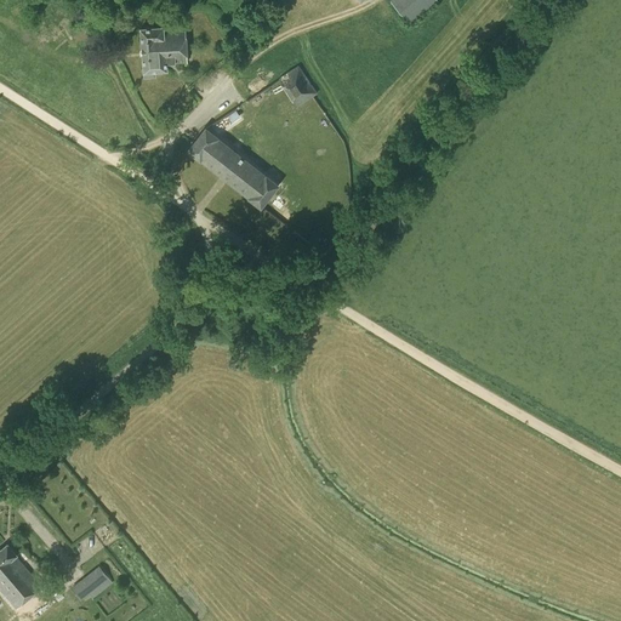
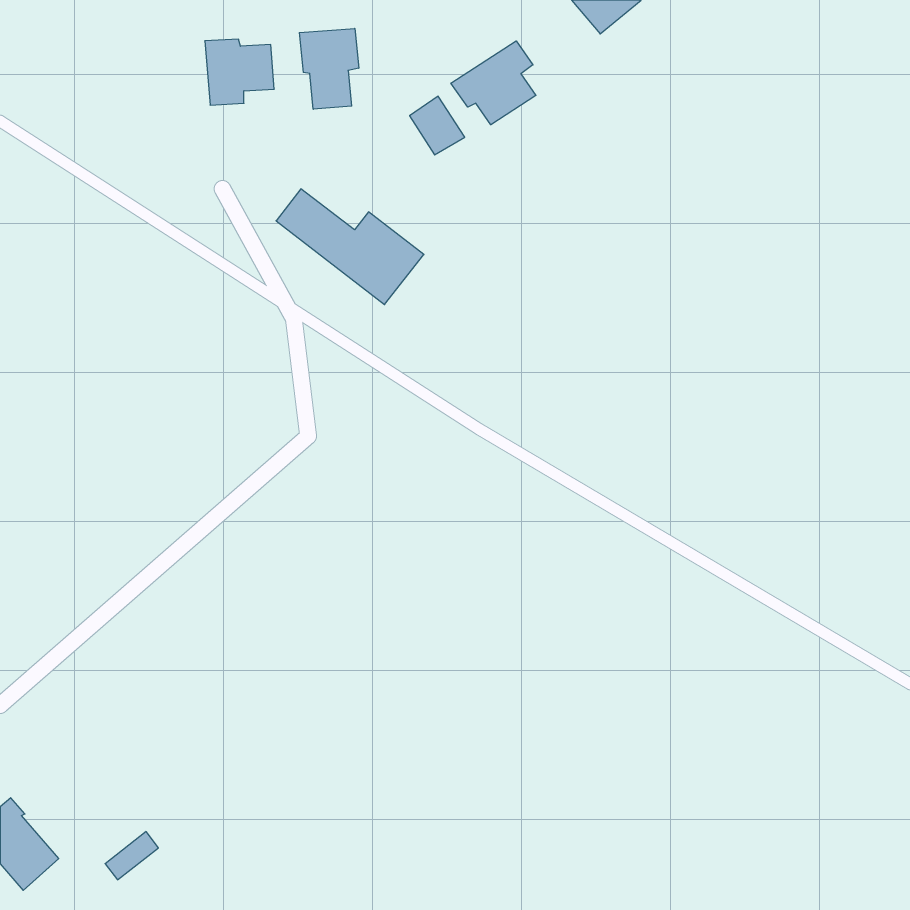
building: none -> [299,28,359,109]
building: none -> [451,41,536,125]

